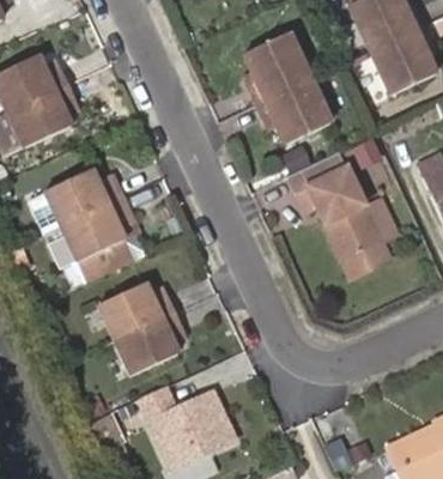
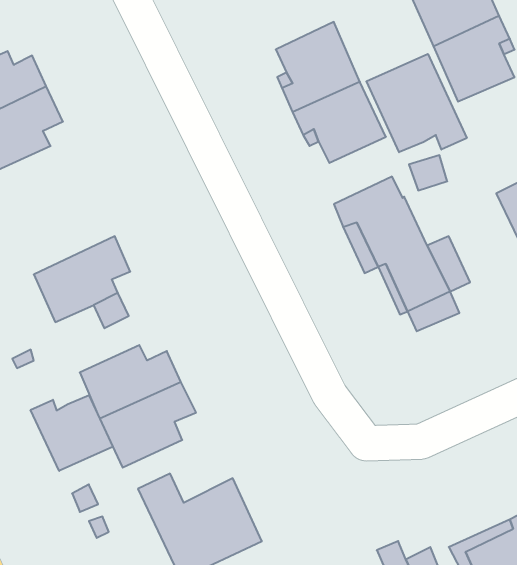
building: none -> [366,54,467,152]
building: [42,174,121,230] -> none
building: none -> [31,395,113,471]

